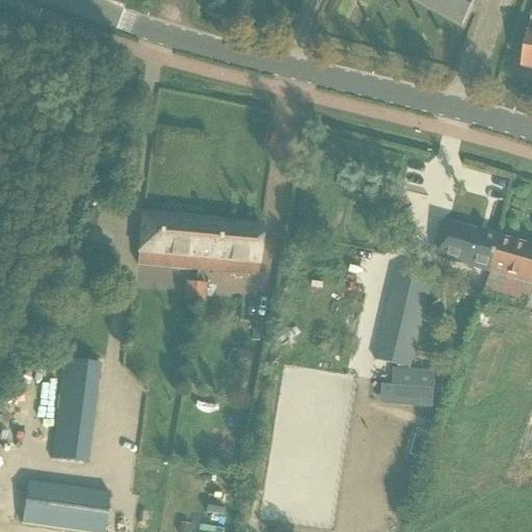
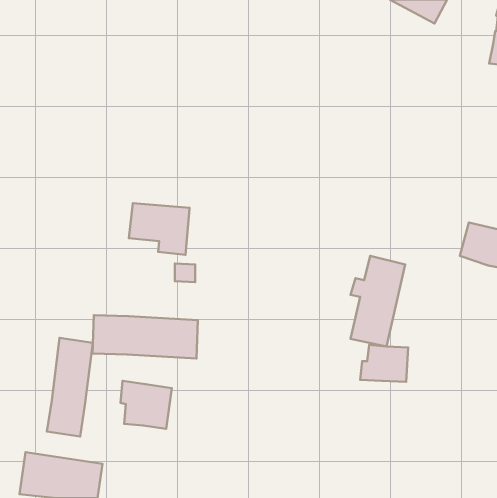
building: [201,221,264,276] -> none
building: [436,221,501,272] -> none
building: none -> [92,315,198,358]
building: none -> [120,381,172,429]

